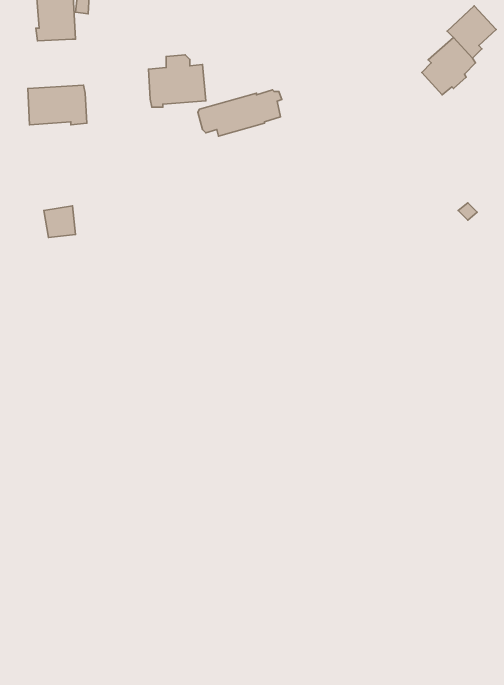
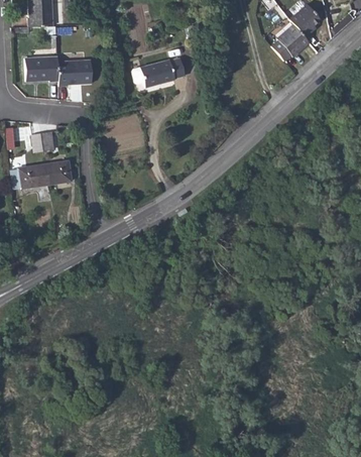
building: [149,55,206,107] -> [59,51,96,85]
building: none -> [19,161,72,188]

